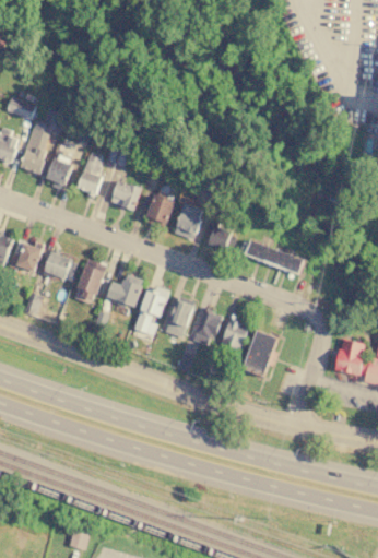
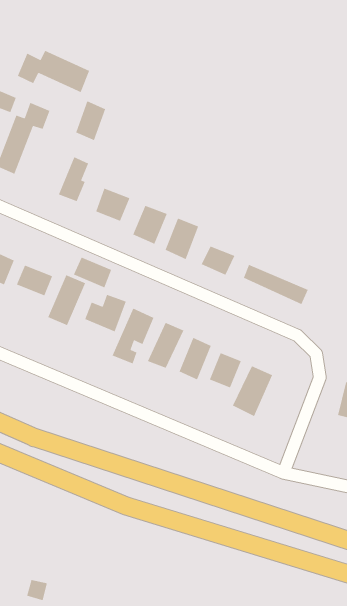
building: none -> [17,50,90,93]
building: [46,152,72,188] -> [75,100,106,141]
building: none -> [73,257,112,289]

